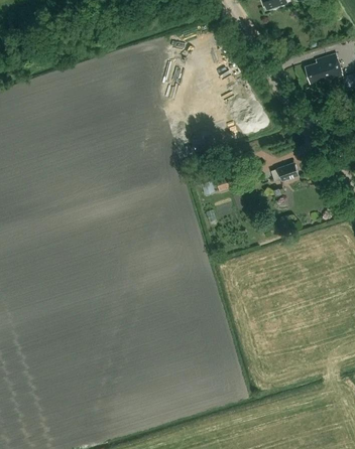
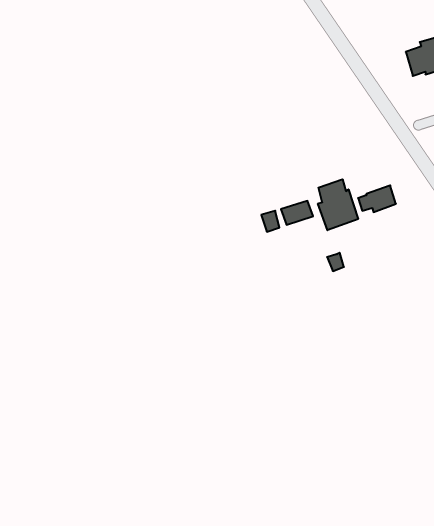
building: none -> [318,179,358,230]

